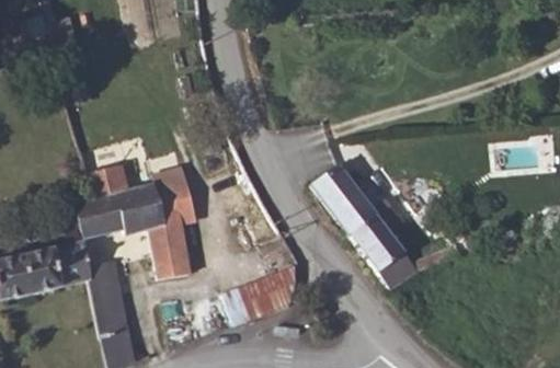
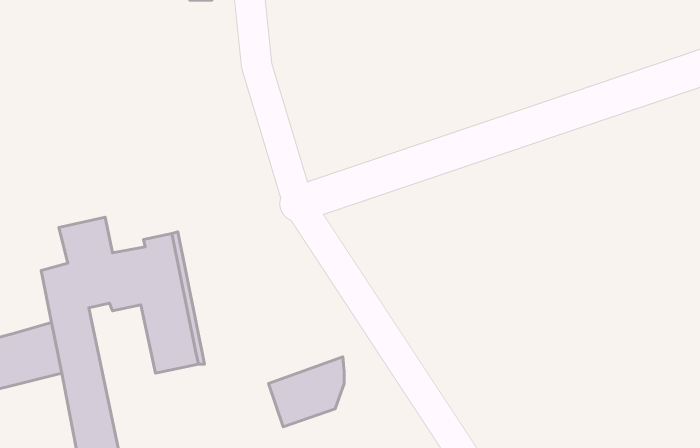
building: [310,164,458,289] -> none

